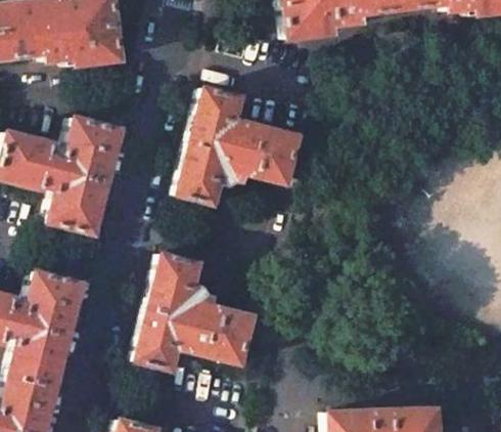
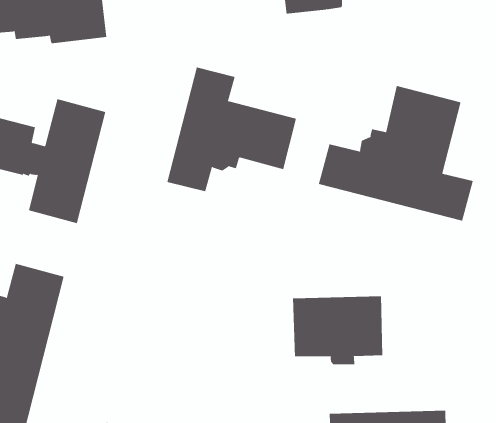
building: none -> [318,85,473,222]
building: [136,254,253,370] -> none
building: none -> [292,295,383,365]

